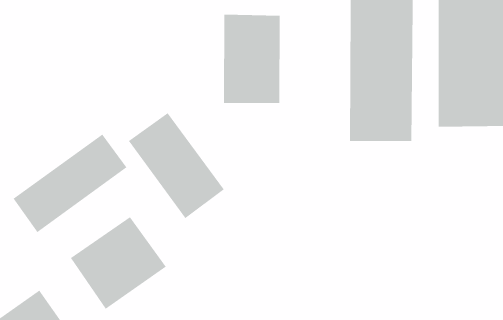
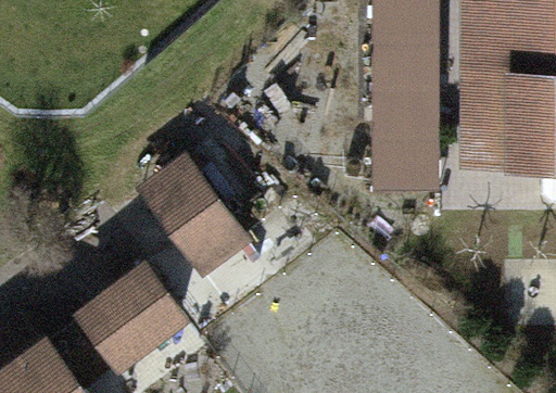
building: [223,14,280,104] -> none
building: [13,134,128,233] -> none

